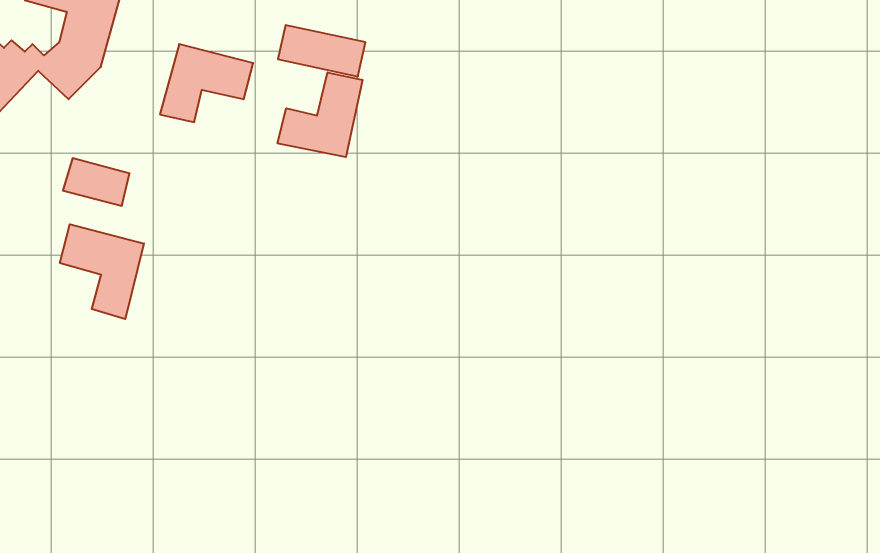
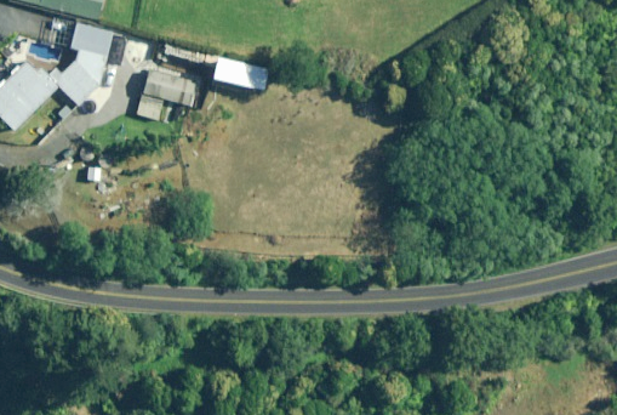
building: [278,72,362,157] -> none
building: [60,224,144,319] -> none

